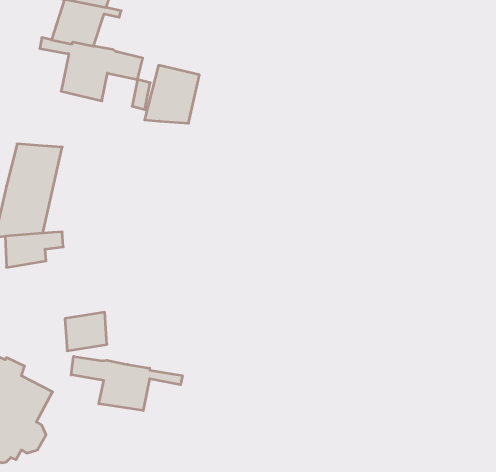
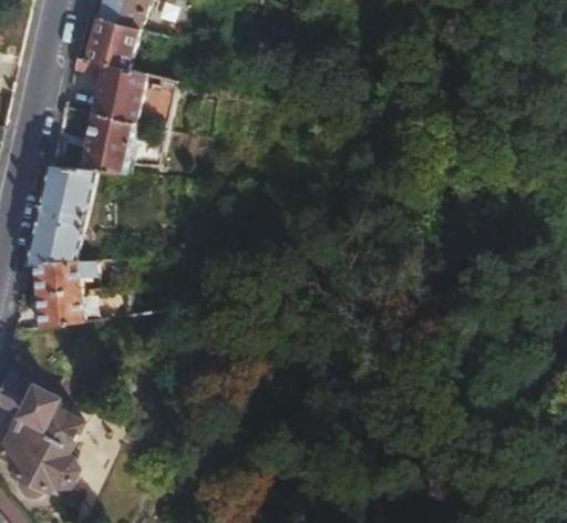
building: [145,65,199,123] -> [80,113,136,173]
building: [65,312,107,351] -> [38,288,81,328]
building: [71,356,182,411] -> none

